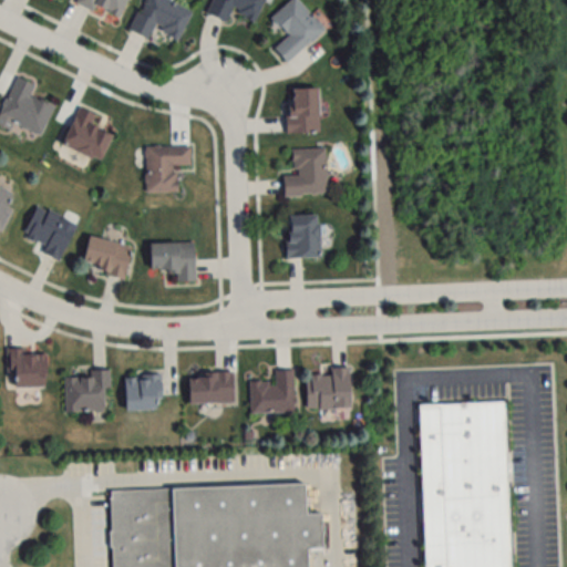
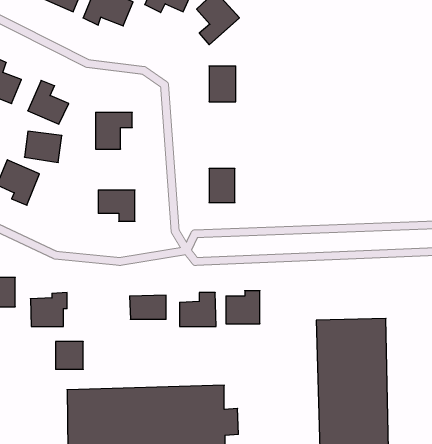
building: [284,148,327,196] -> none
building: [83,238,130,277] -> [24,131,62,162]
building: [125,377,159,411] -> [56,342,83,369]

